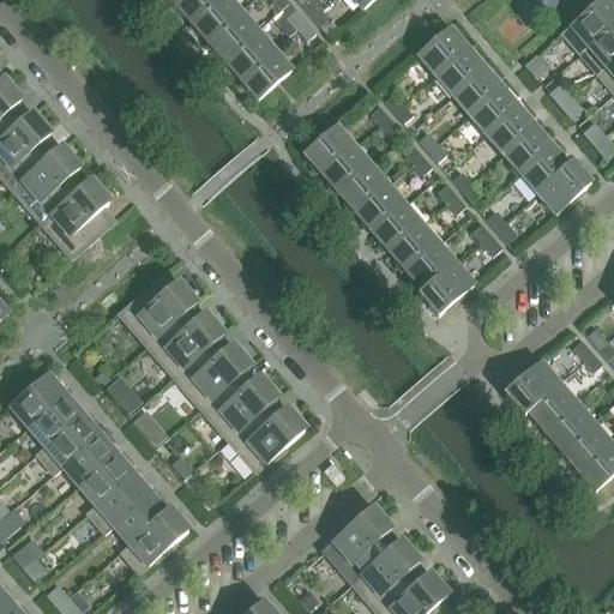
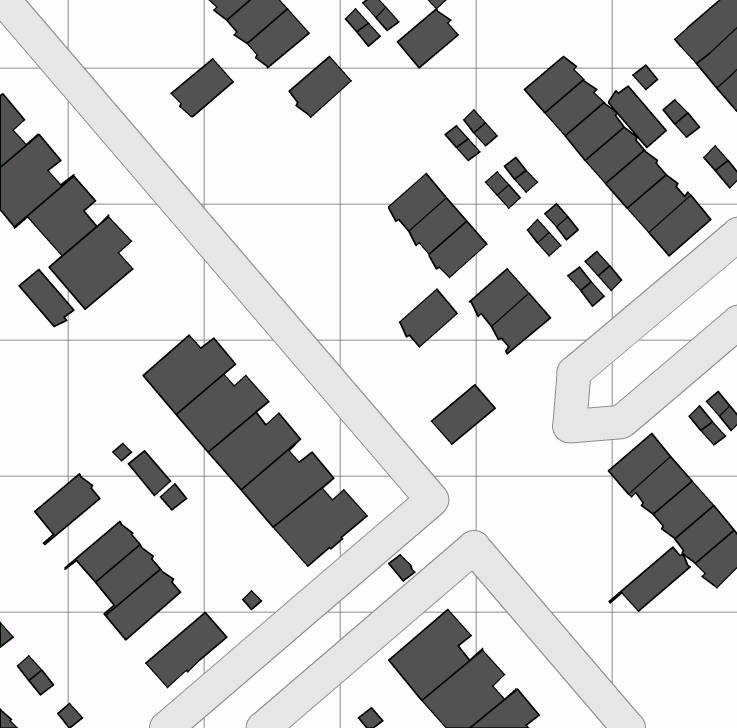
building: [419,25,469,74] -> [397,9,458,68]
building: [223,28,275,76] -> [171,59,233,117]
building: none -> [609,86,666,147]
building: [306,124,355,171] -> none
building: [374,203,422,251] -> [399,289,457,347]
building: none -> [19,270,74,327]
building: [422,264,475,313] -> [432,385,495,444]
building: [12,373,67,425] -> none
building: [38,414,101,471] -> none
building: none -> [609,547,690,611]
building: [106,492,171,550] -> none

